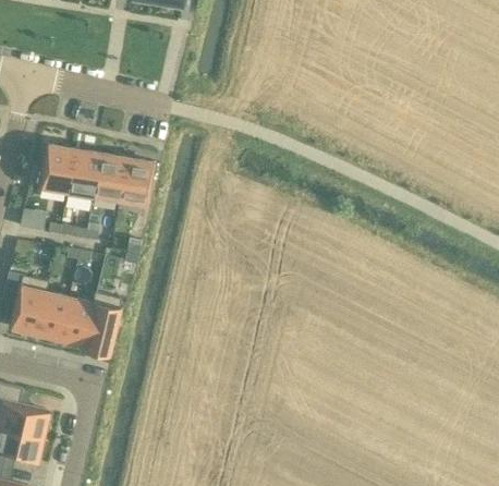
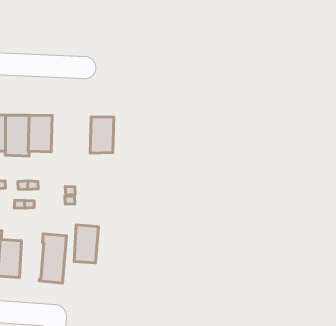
building: [119,159,153,204] -> [90,117,114,153]
building: [60,297,94,344] -> [74,225,98,263]

